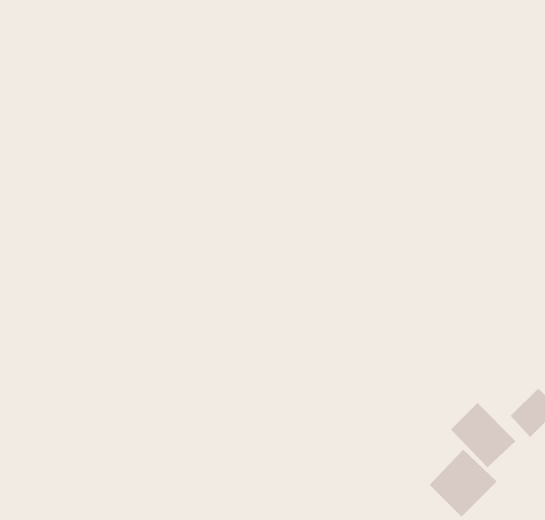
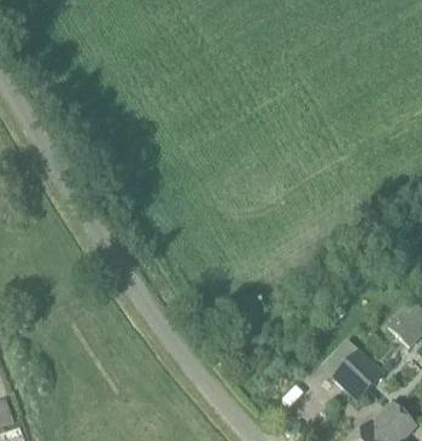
building: [450,402,516,468] -> none

